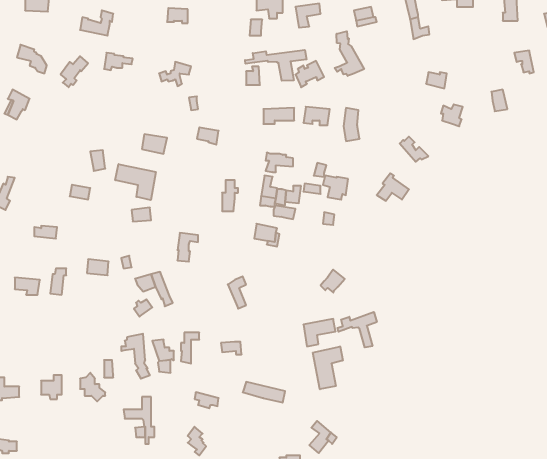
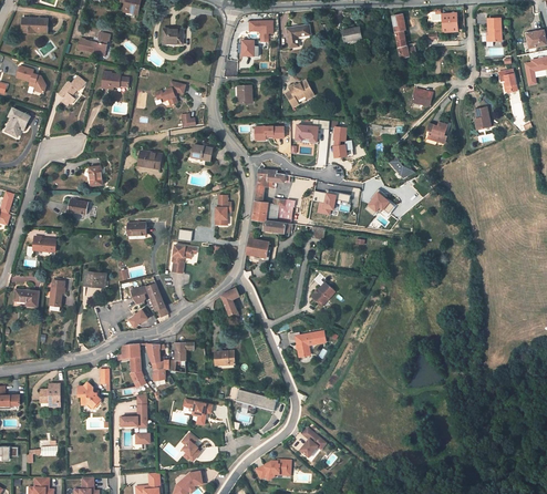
building: [335,31,364,76] -> none
building: [245,50,307,81] -> none
building: [115,164,156,200] -> none
building: [337,312,377,347] -> none
building: [313,346,343,389] -> none

